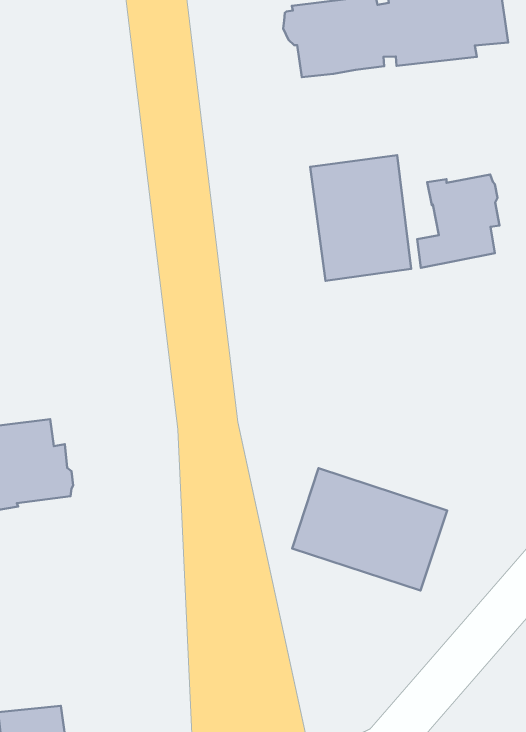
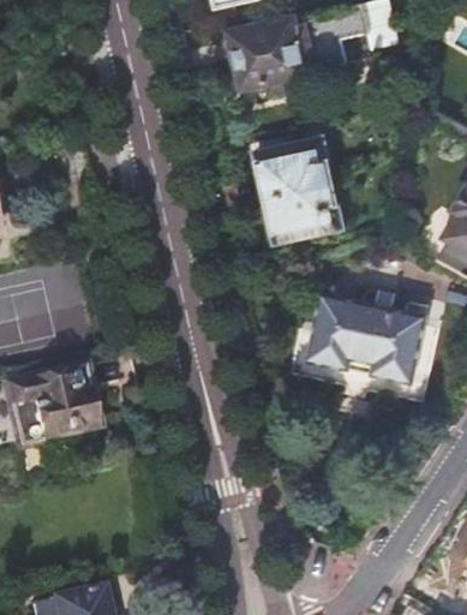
building: [417,175,500,268] -> none
building: [292,468,447,591] -> [307,294,424,381]

